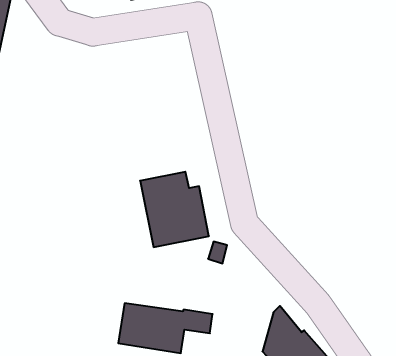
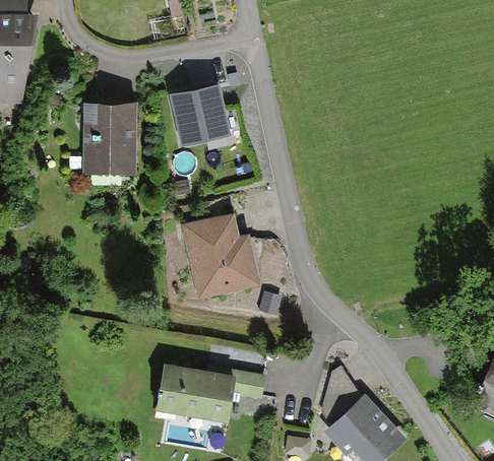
building: none -> [169,82,230,144]
building: none -> [83,101,136,176]

